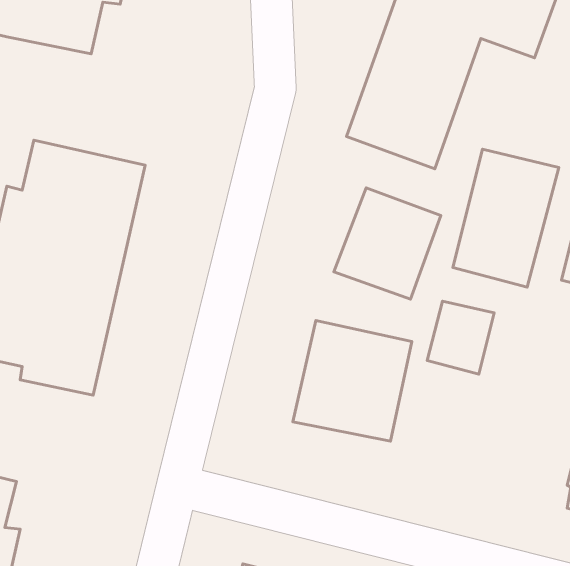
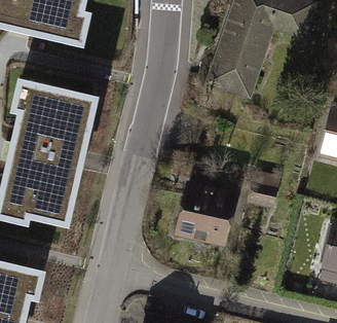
building: [453,149,559,287] -> none
building: [334,188,441,299] -> none

